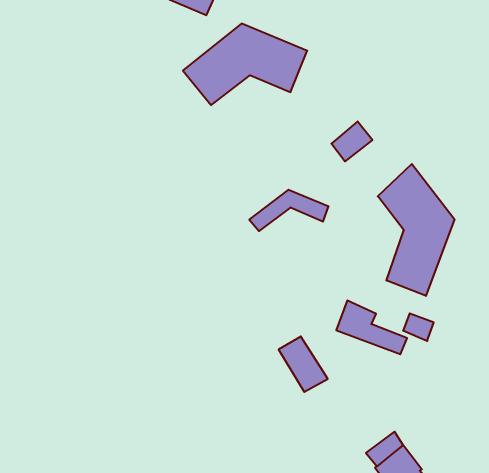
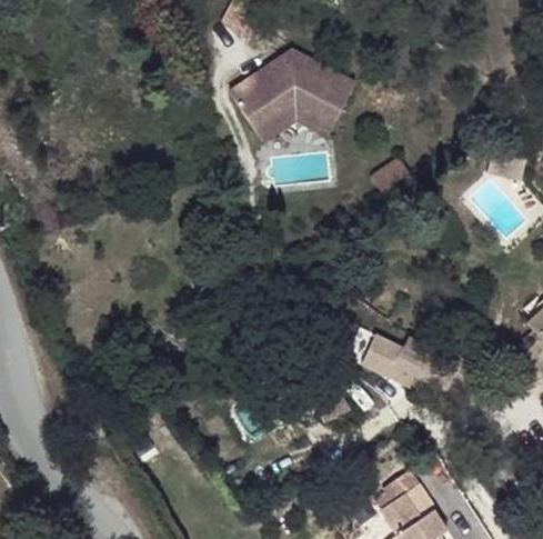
building: [378,164,454,296] -> none
building: [249,190,329,231] -> [254,101,334,140]

